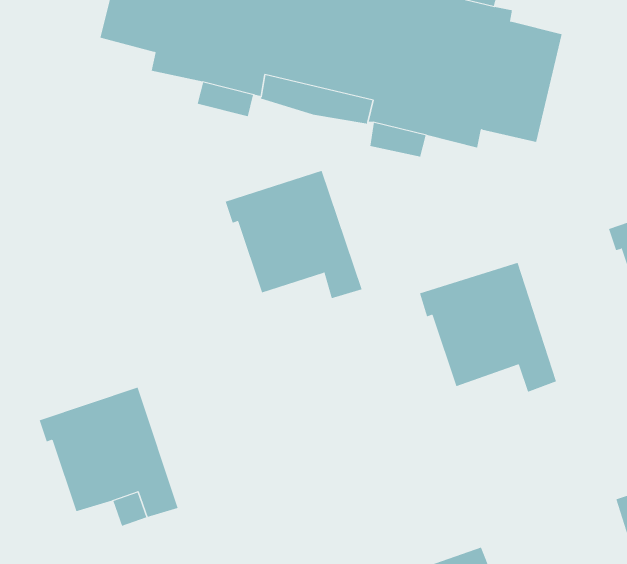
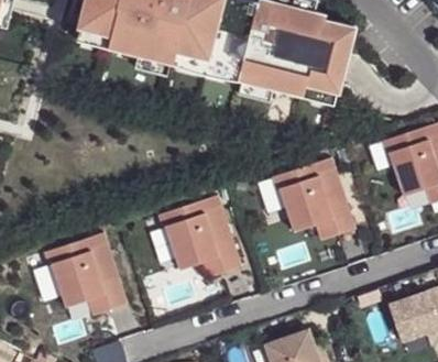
building: [225,170,363,299] -> [155,199,238,276]

